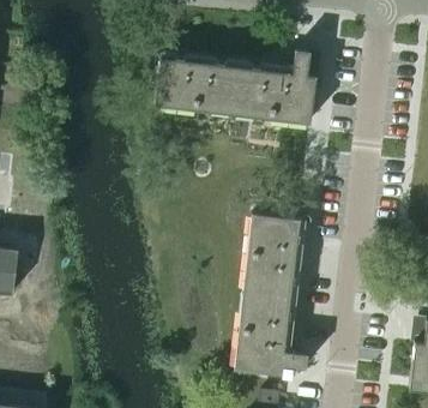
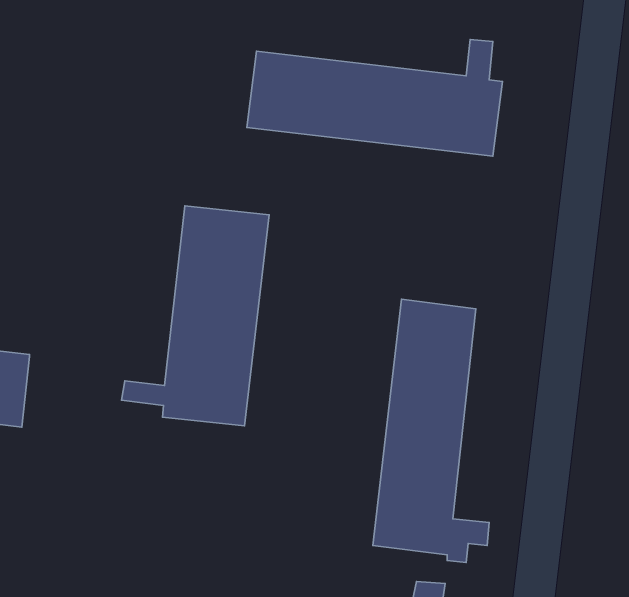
building: none -> [122,206,269,426]

